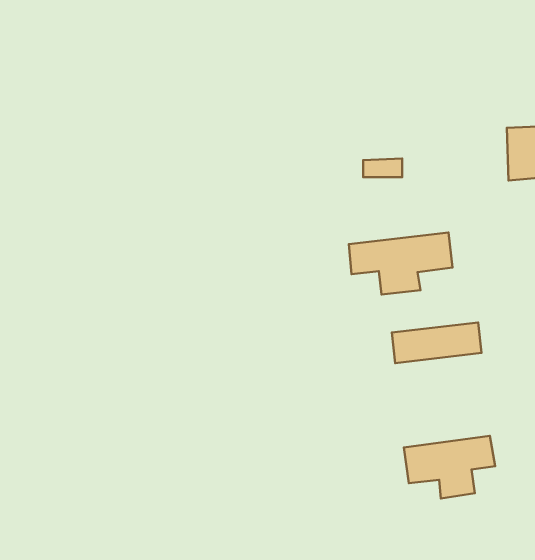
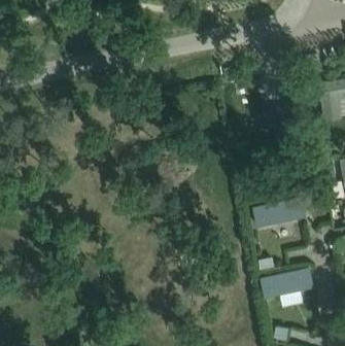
building: [349,232,453,295] -> none

